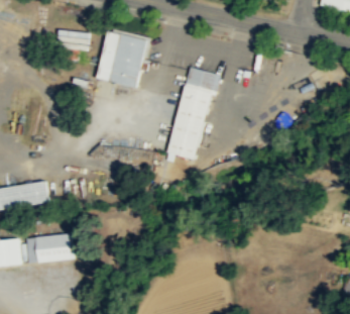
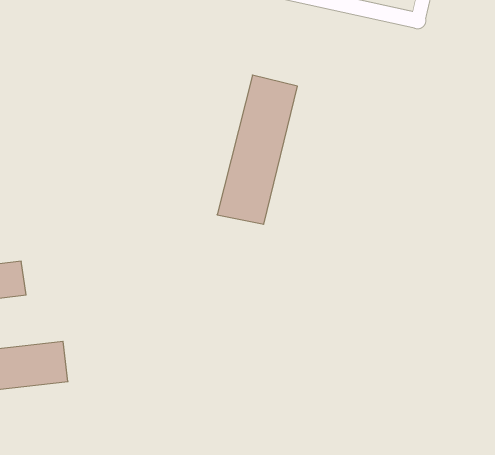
building: [62,29,91,49] -> none
building: [97,29,148,88] -> none

